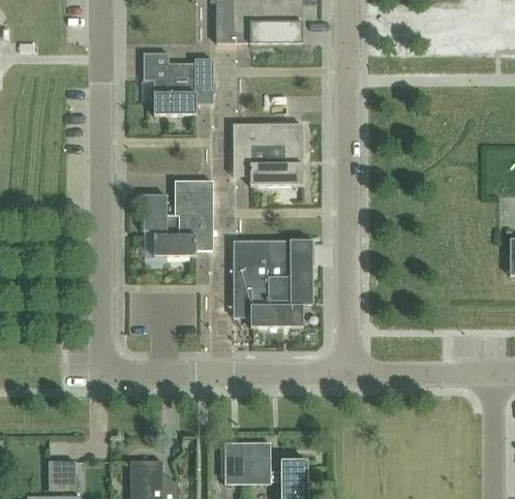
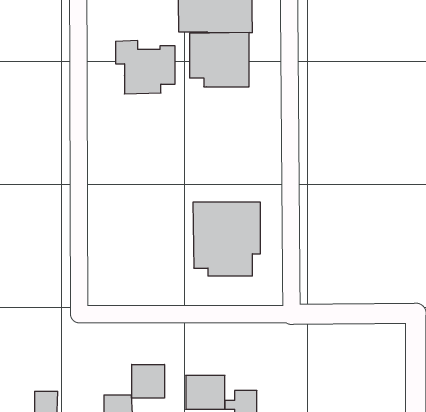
building: [233,123,302,186] -> [190,33,249,87]
building: [143,181,213,256] -> none
building: none -> [132,364,164,398]

